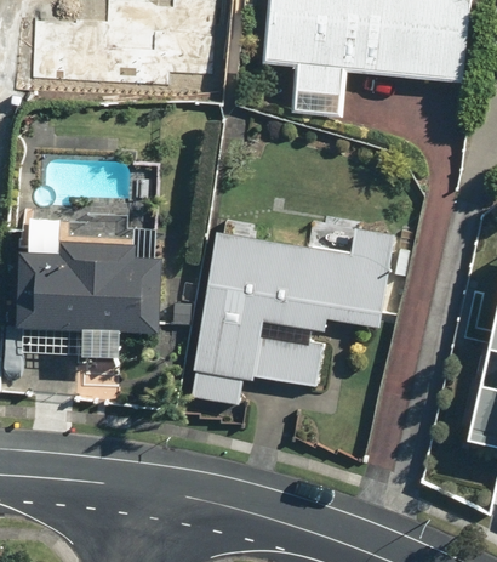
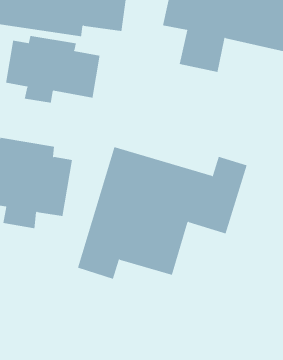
building: none -> [5,35,100,104]

